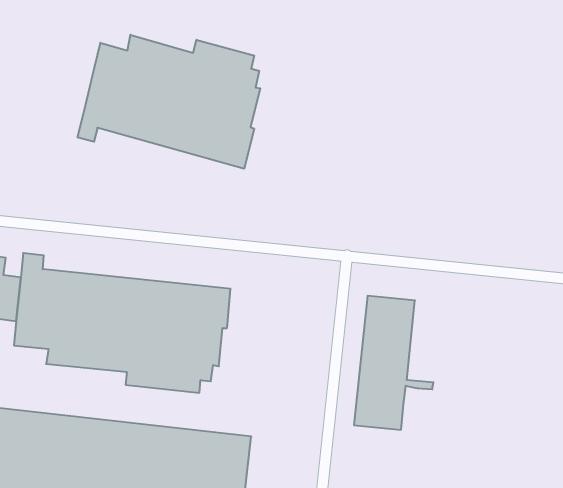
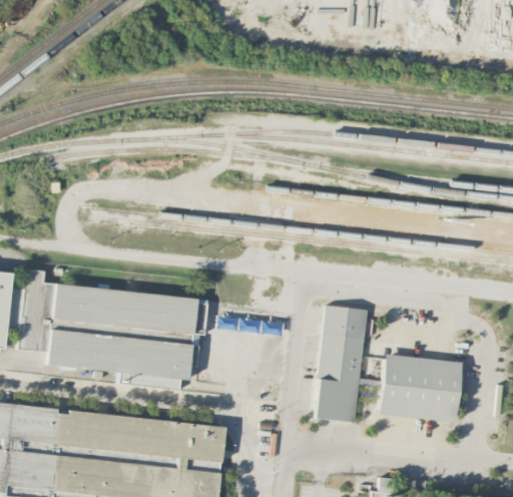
building: [78,35,260,169] -> none
building: none -> [379,354,465,423]

